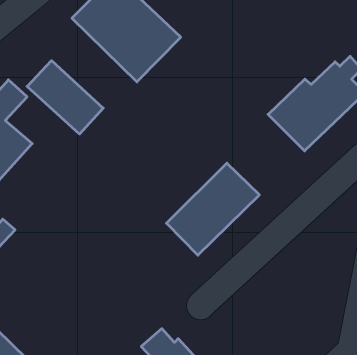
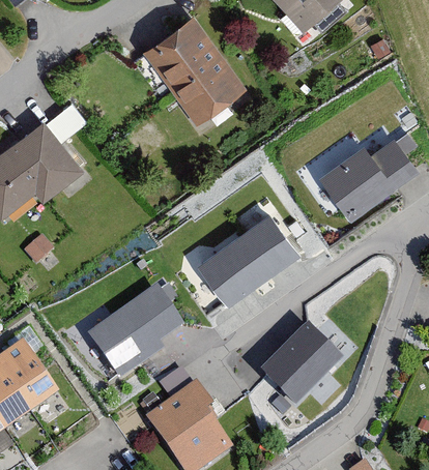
building: [27,61,103,134] -> none
building: none -> [92,291,181,378]
building: none -> [259,325,341,407]

